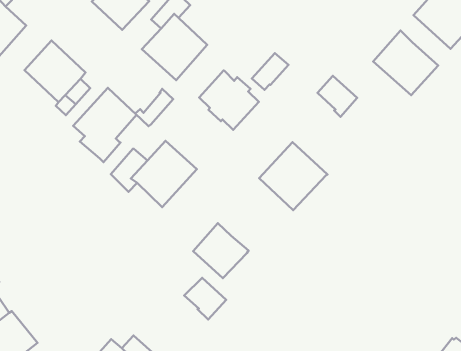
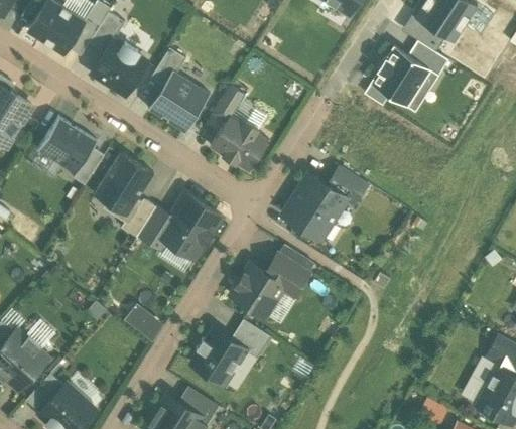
building: none -> [408,40,447,75]
building: [252,53,289,90] -> [213,85,246,122]
building: [317,76,357,117] -> [329,166,368,204]
building: [135,89,173,126] -> [122,198,156,237]
building: none -> [266,255,308,295]
building: none -> [123,304,163,339]
building: none -> [194,329,247,384]

